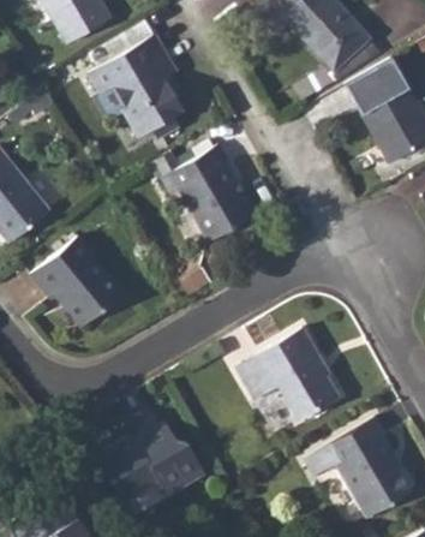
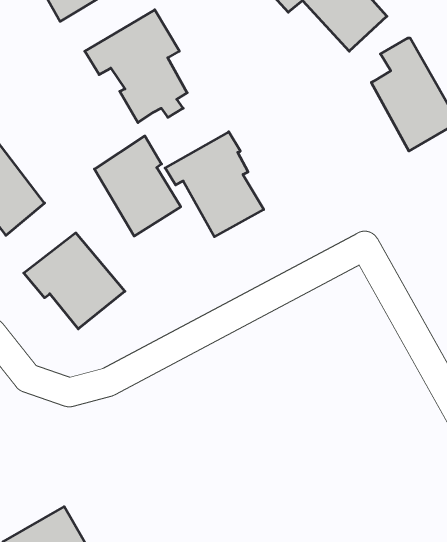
building: none -> [94,136,181,236]
building: [235,324,339,418] -> none
building: [94,417,205,501] -> none
building: [322,418,412,519] -> none

